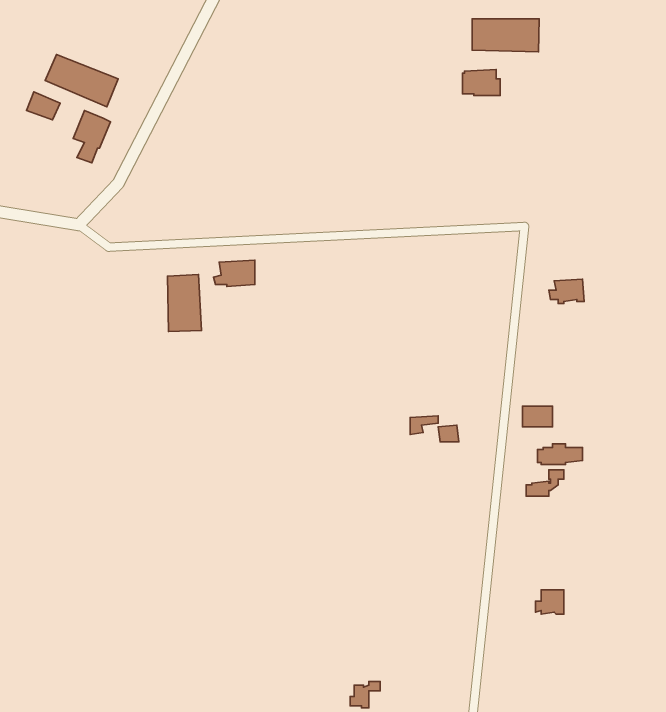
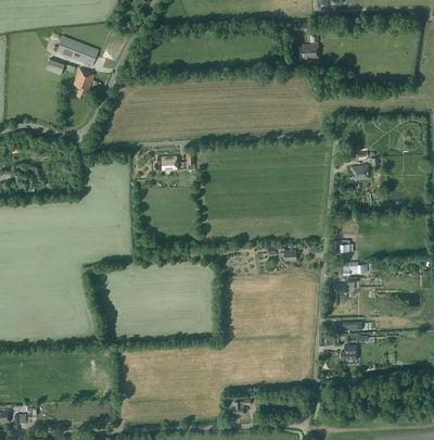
building: [472,19,539,52] -> none
building: [168,274,202,332] -> none

